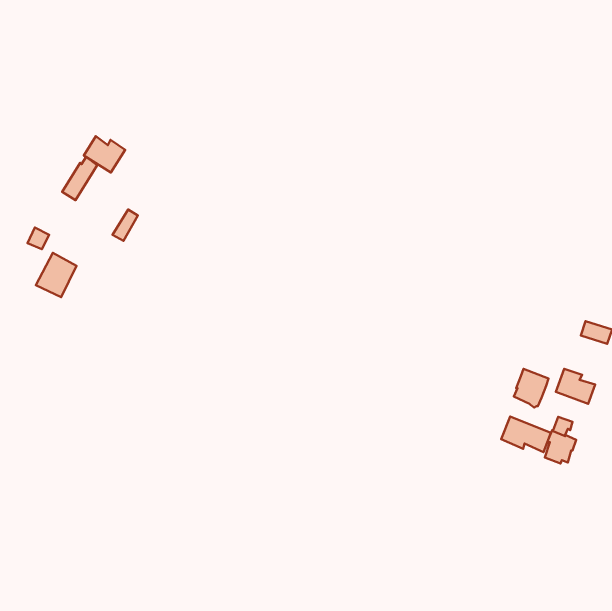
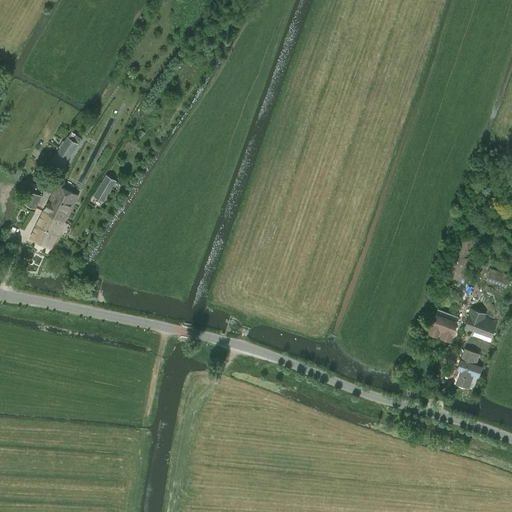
building: [84,136,125,172] -> none
building: none -> [44,186,77,223]
building: [501,417,551,452] -> none

